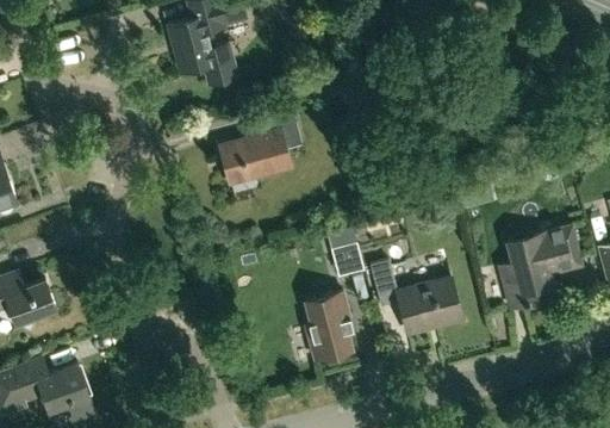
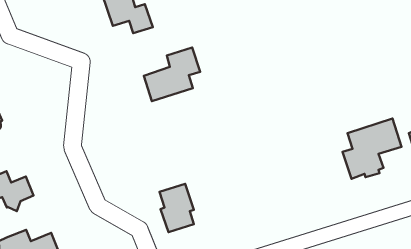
building: [331,243,363,277] -> none
building: [371,262,462,334] -> none
building: [305,292,353,360] -> [160,184,194,232]

